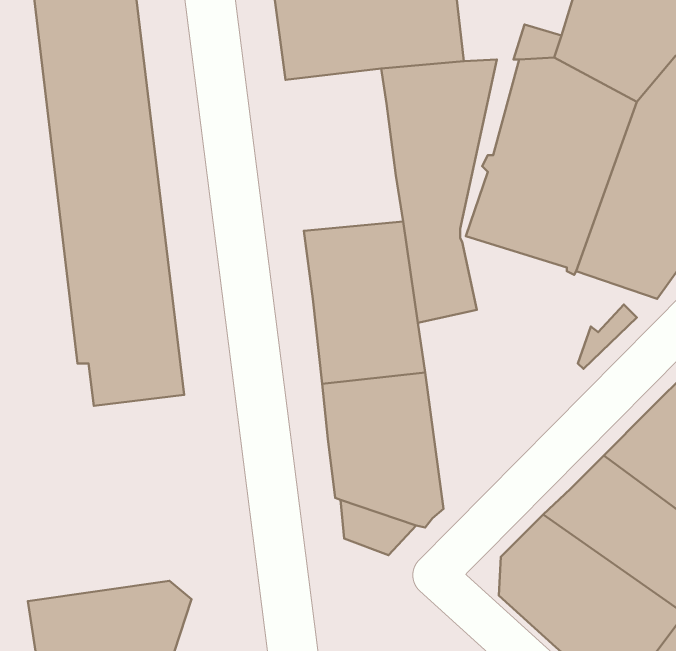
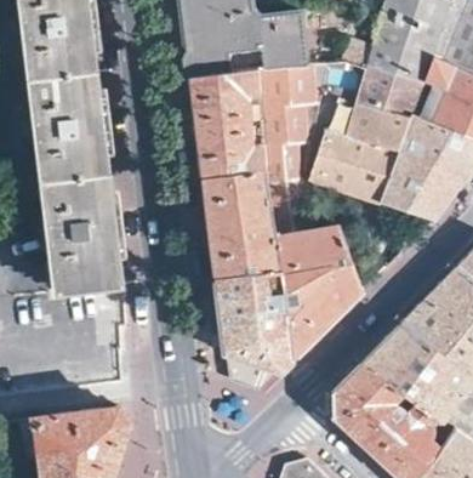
building: none -> [189,69,267,176]
building: none -> [277,224,363,359]

